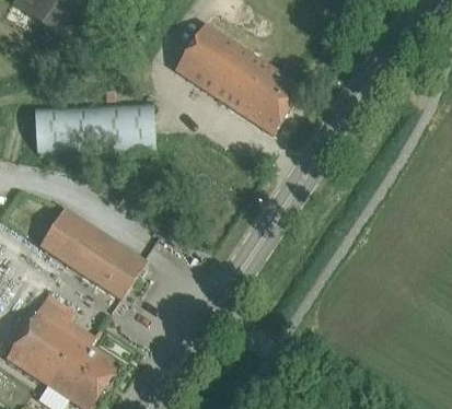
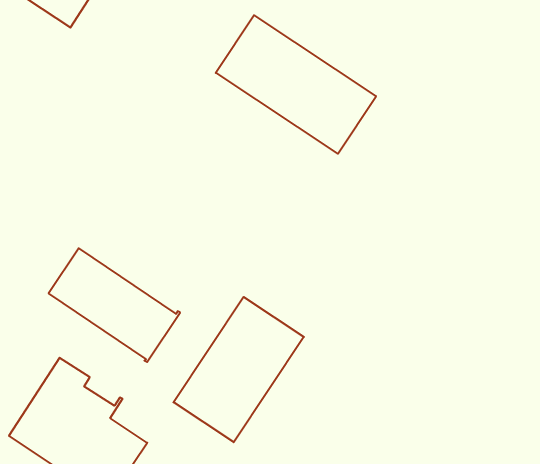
building: [34,90,153,153] -> none
building: none -> [173,297,304,442]

